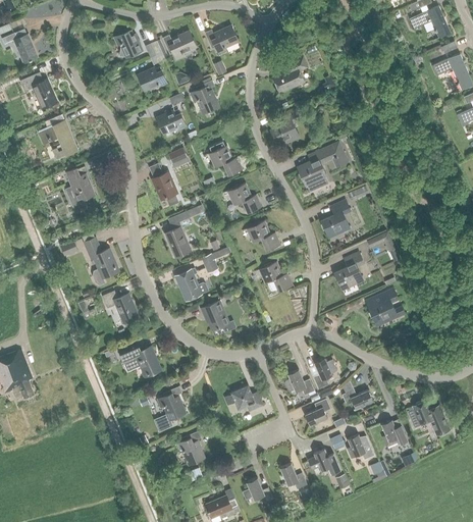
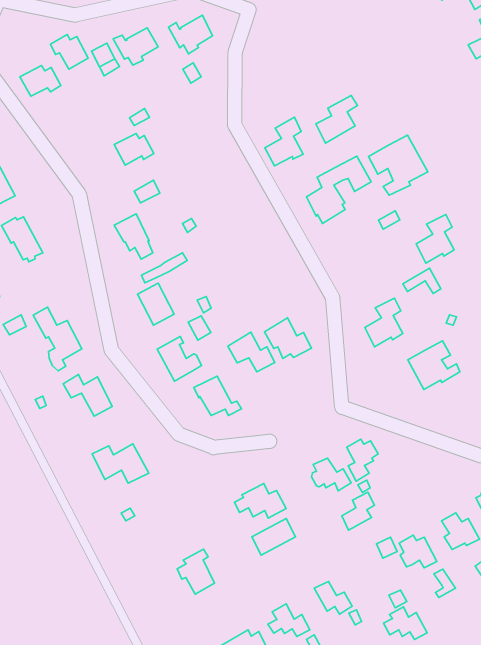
building: [273,57,306,92] -> [316,95,357,143]
building: [137,67,167,90] -> [20,66,61,96]
building: [191,80,218,113] -> none
building: none -> [368,135,428,195]
building: [208,141,243,175] -> none
building: [226,182,261,212] -> none
building: [321,200,350,236] -> [416,214,454,263]
building: [246,219,280,250] -> [228,332,275,372]
building: [341,380,372,408] -> none
building: [157,385,186,428] -> none
building: none -> [252,518,296,555]
building: [308,448,340,473] -> [384,607,427,639]

